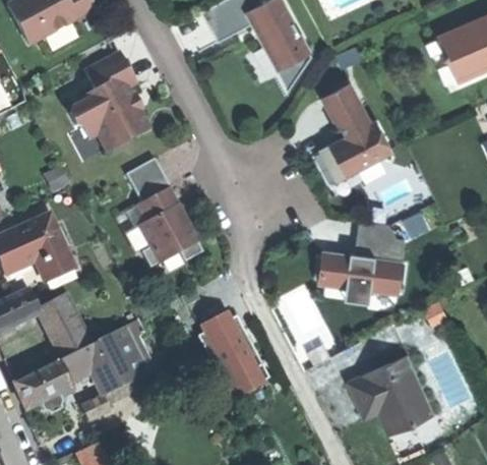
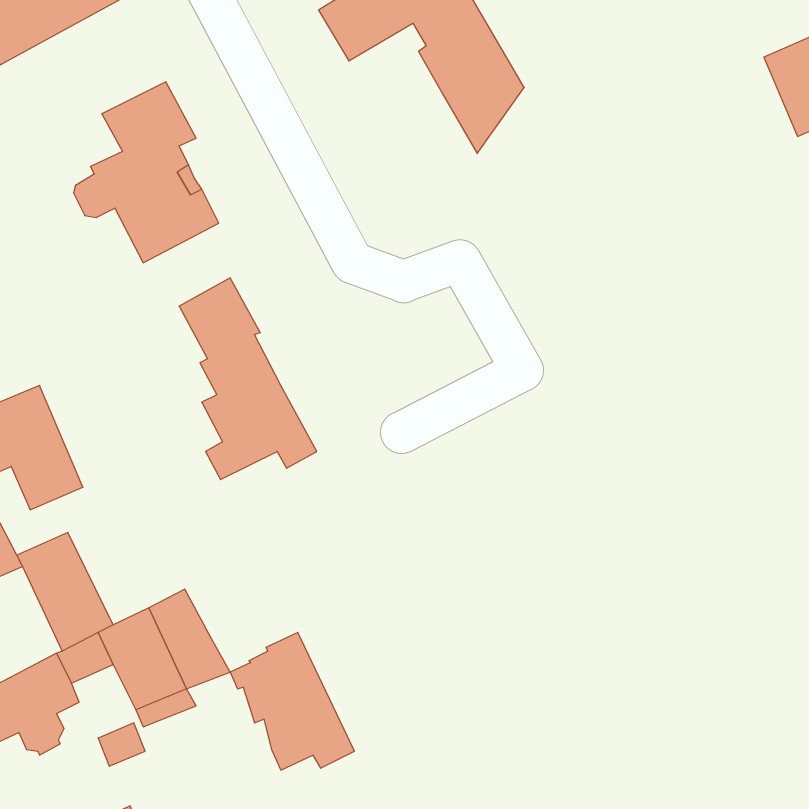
building: [323,83,391,174] -> none
building: [314,220,403,294] -> none
building: [199,313,266,388] -> [230,632,354,770]
building: [347,357,434,437] -> none

